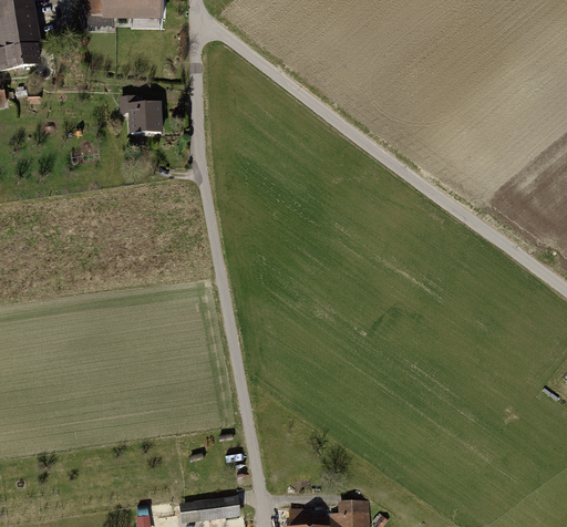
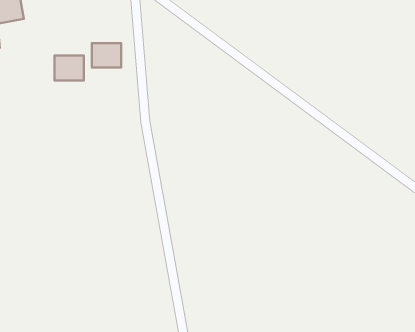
building: none -> [54,55,84,80]

